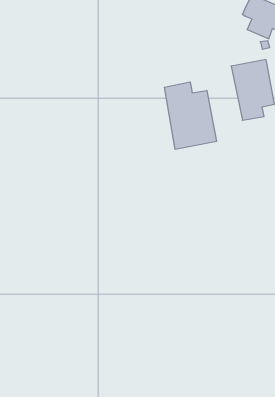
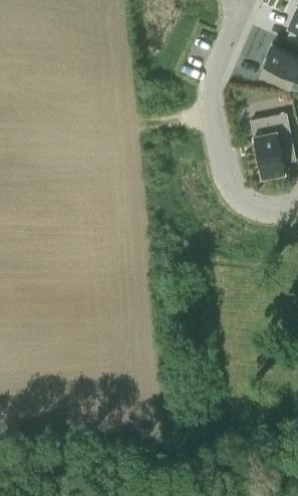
building: [164,82,217,149] -> none

